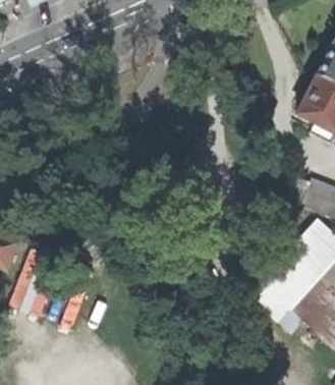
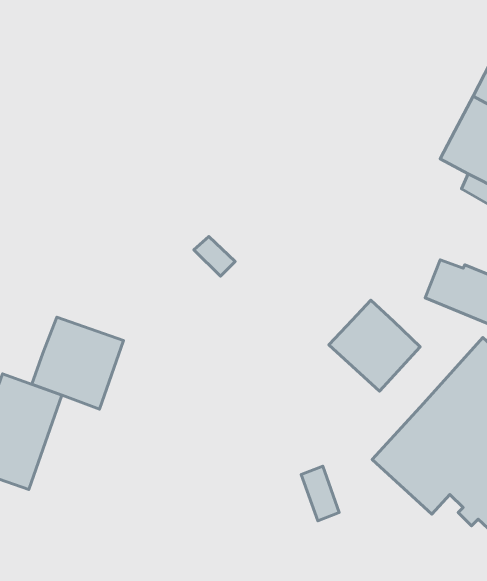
building: none -> [329,300,420,391]
building: none -> [32,317,124,409]

